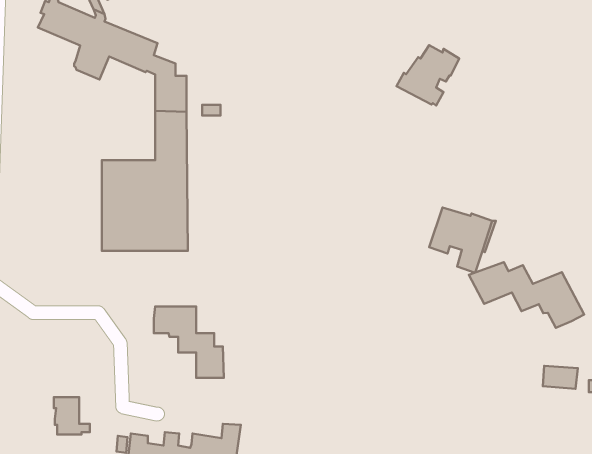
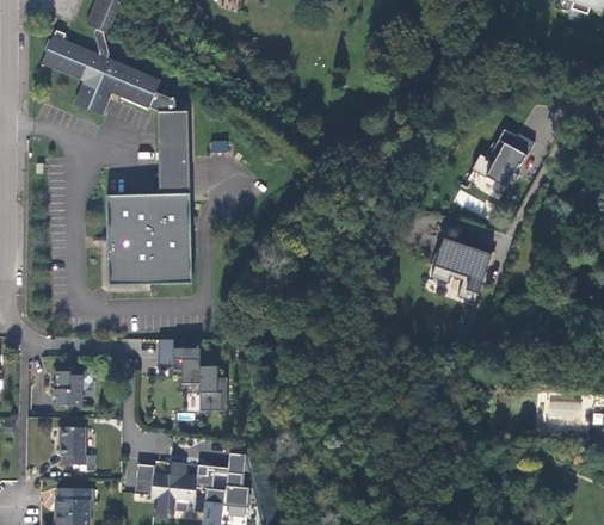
building: [396,45,459,106] -> [470,130,532,190]
building: [469,262,584,328] -> none
building: none -> [54,370,81,404]

